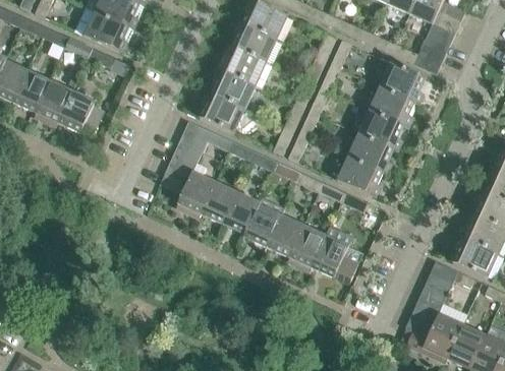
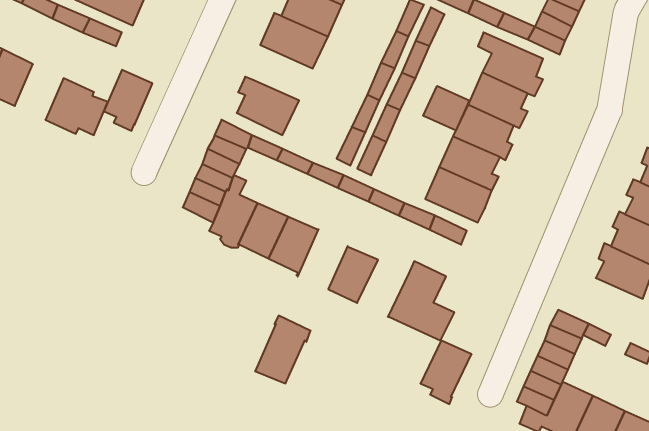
building: [210,66,255,107] -> none
building: [36,80,71,125] -> [104,70,152,131]
building: none -> [423,86,470,131]
building: [243,195,284,245] -> [255,316,311,383]
building: [287,224,325,270] -> [420,340,472,404]
building: [452,235,497,276] -> none

